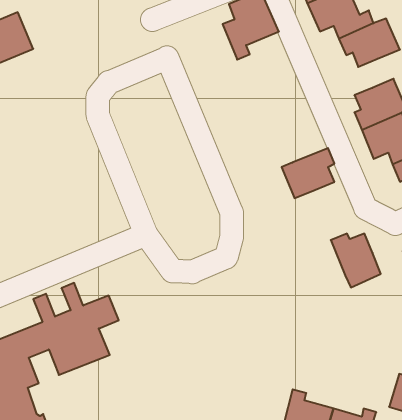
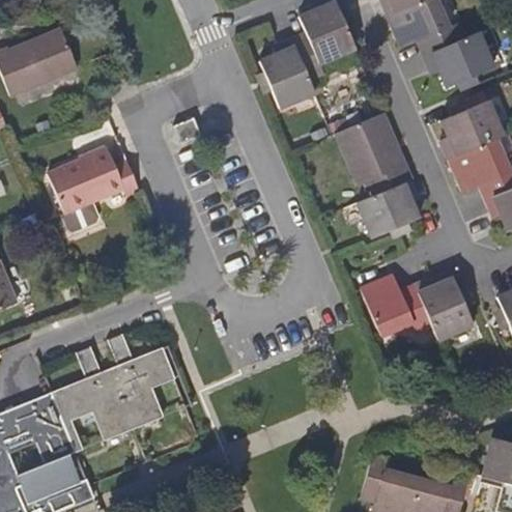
building: none -> [259,39,314,108]
building: none -> [336,114,411,197]
building: none -> [49,151,141,233]
building: none -> [361,276,431,335]

